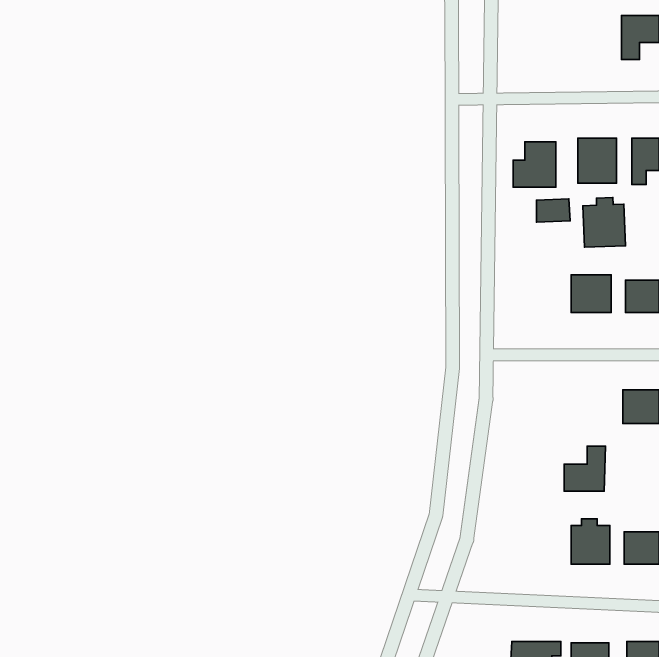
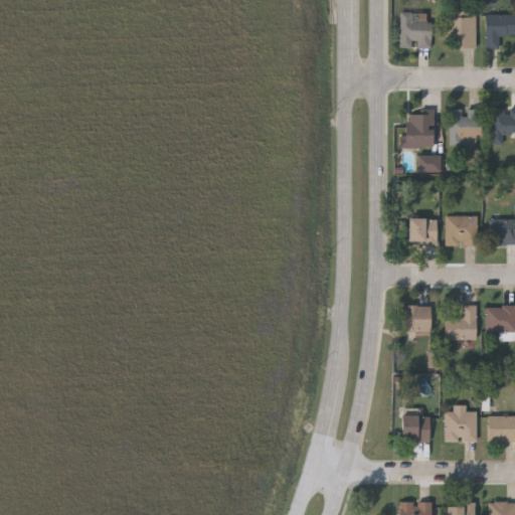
building: none -> [446,11,476,48]
building: none -> [399,12,432,48]
building: [583,198,626,247] -> none
building: none -> [408,218,437,245]
building: none -> [401,306,430,332]
building: [564,446,605,491] -> [445,305,477,340]
building: none -> [401,415,430,441]

